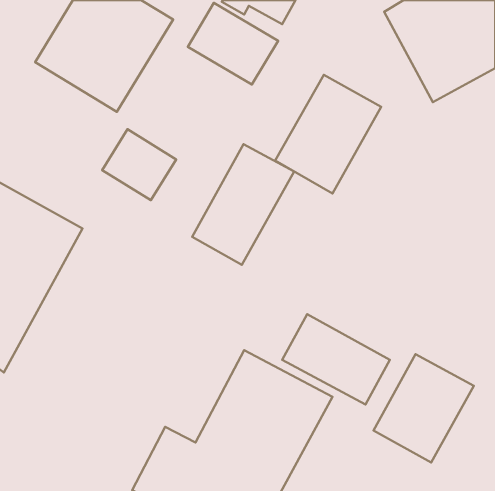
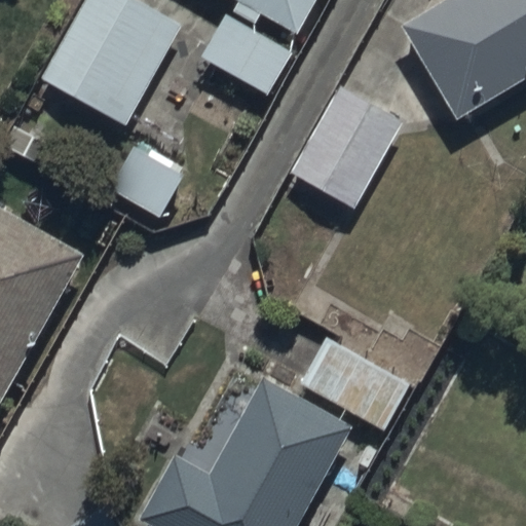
building: [192,144,294,265] -> none
building: [374,354,474,463] -> none

